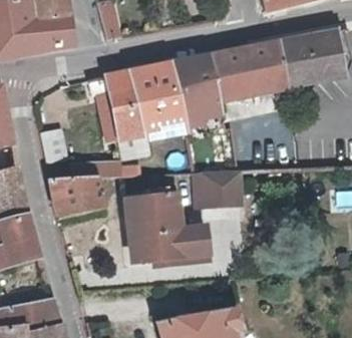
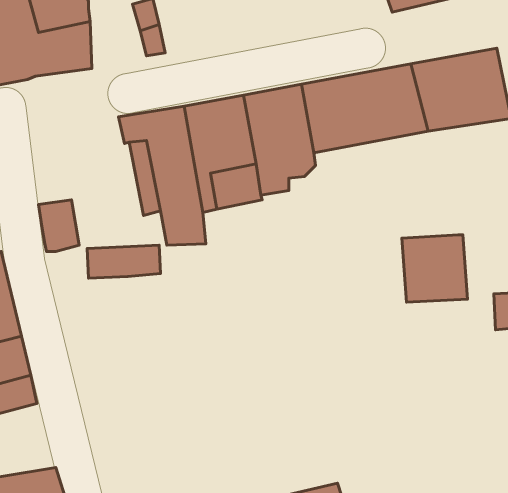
building: [200,171,242,214] -> [402,235,467,302]
building: [50,178,105,216] -> none
building: [126,189,199,261] -> none

